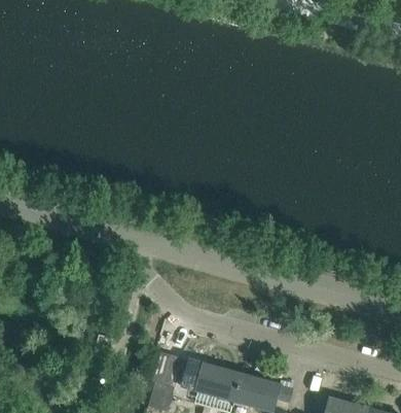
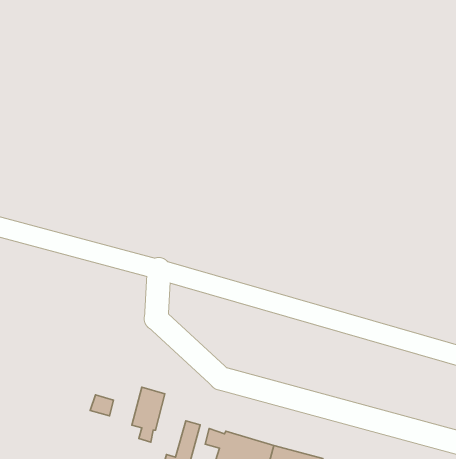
building: none -> [132,387,165,442]

